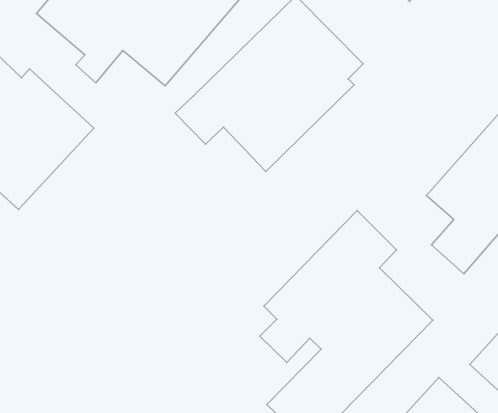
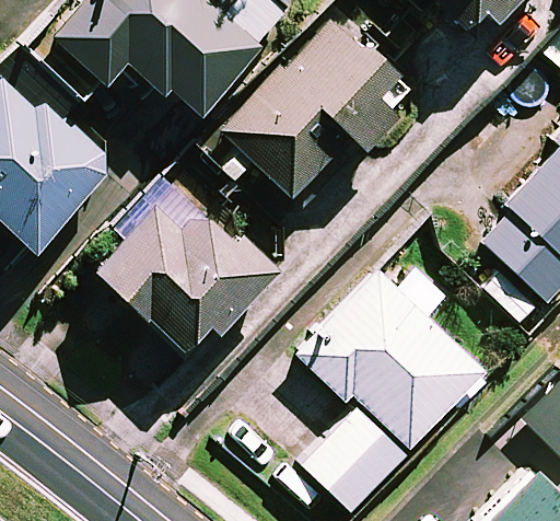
building: none -> [96,206,273,347]

